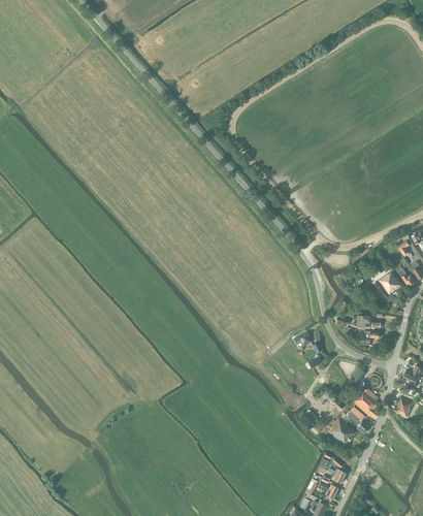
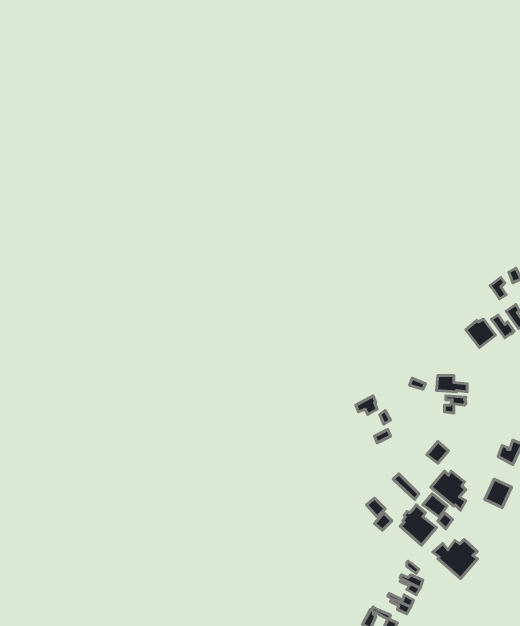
building: none -> [433,540,478,578]

